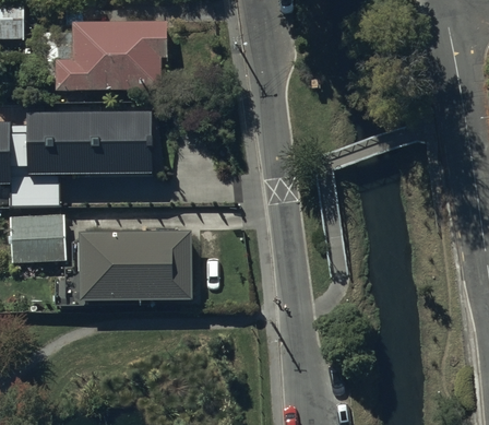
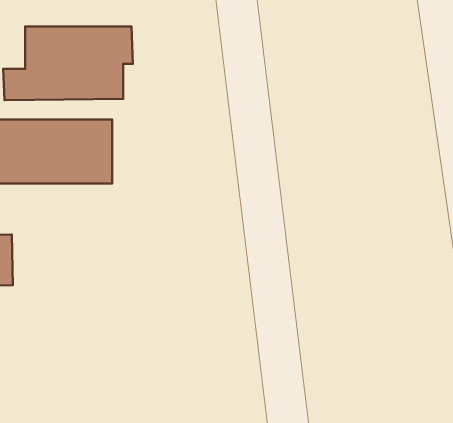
building: [79,229,190,299] -> none

